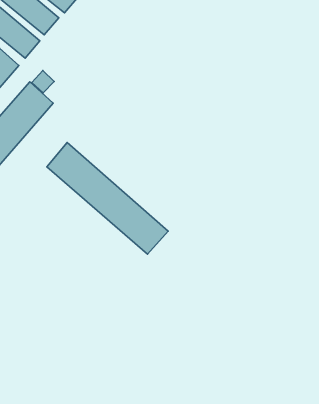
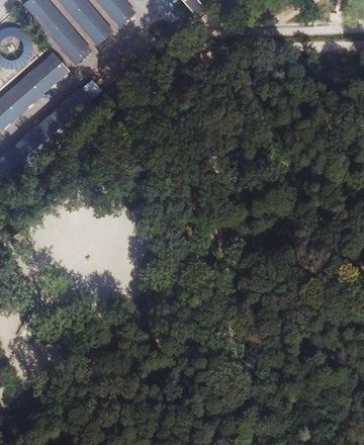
building: [47,142,168,254] -> none

